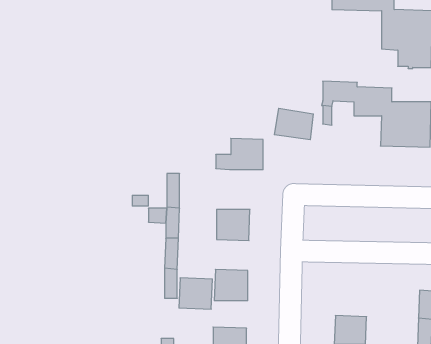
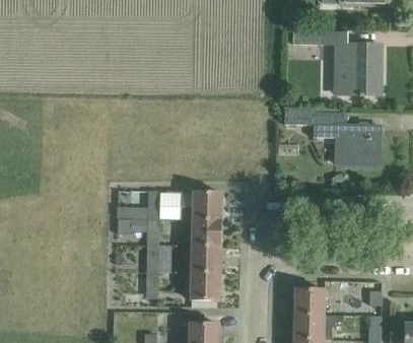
building: [274,108,313,140] -> none
building: [216,138,263,170] -> [180,192,221,219]
building: [179,278,212,309] -> [191,246,220,273]
building: none -> [296,289,324,314]

